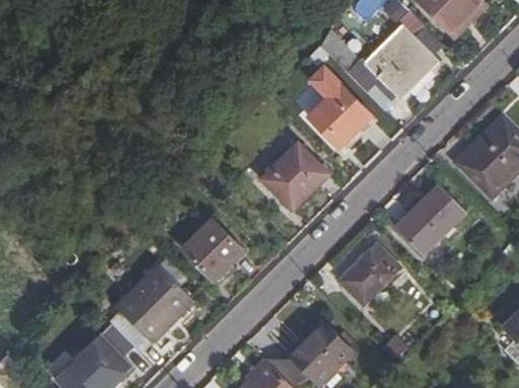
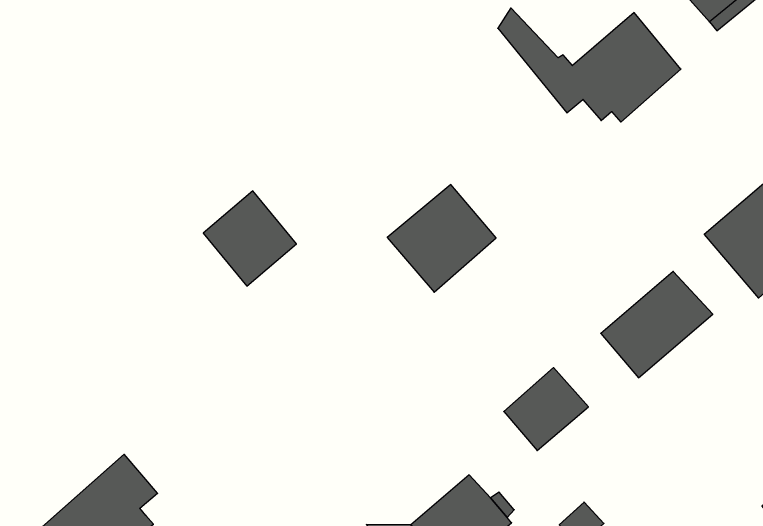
building: [308,68,372,147] -> none
building: [184,222,242,281] -> [203,191,296,286]
building: [115,267,195,344] -> none

